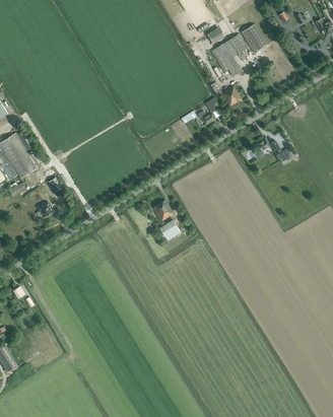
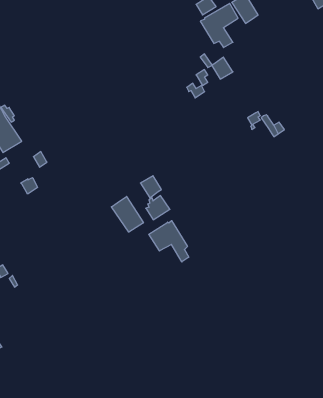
building: none -> [111,196,143,232]
building: none -> [149,221,189,262]

